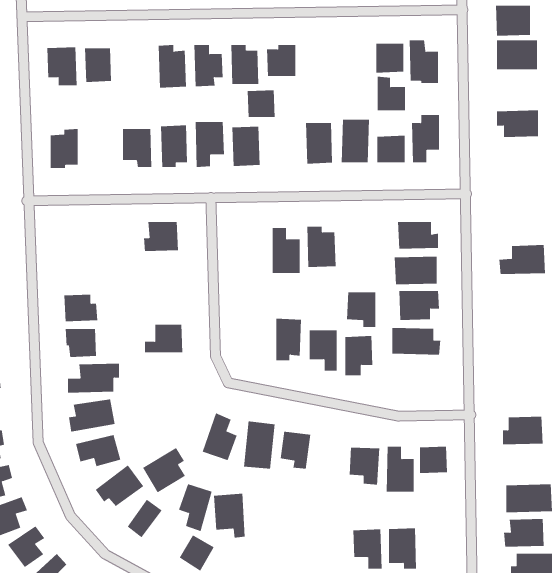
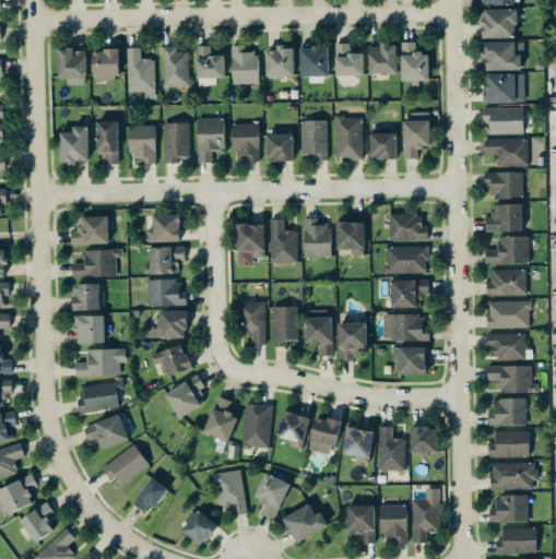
building: none -> [299,46,329,76]
building: none -> [127,47,155,99]
building: none -> [484,73,524,103]
building: [377,76,406,111] -> [335,43,363,75]
building: [247,90,276,117] -> [265,133,293,159]
building: none -> [96,121,119,165]
building: none -> [484,139,528,167]
building: none -> [484,171,523,199]
building: none -> [484,203,522,231]
building: none -> [71,216,108,245]
building: none -> [235,223,264,258]
building: none -> [147,246,186,274]
building: none -> [72,249,121,277]
building: none -> [486,270,527,297]
building: none -> [149,280,187,306]
building: [346,292,376,327] -> [335,222,364,255]
building: none -> [241,301,265,345]
building: none -> [488,301,530,329]
building: none -> [488,334,525,360]
building: none -> [151,344,190,376]
building: none -> [392,346,428,374]
building: none -> [486,366,539,393]
building: none -> [309,417,338,454]
building: [142,447,186,493] -> [164,374,205,418]
building: none -> [488,431,530,457]
building: [178,483,213,532] -> [255,474,287,520]
building: none -> [412,489,439,543]
building: none -> [282,504,328,543]

